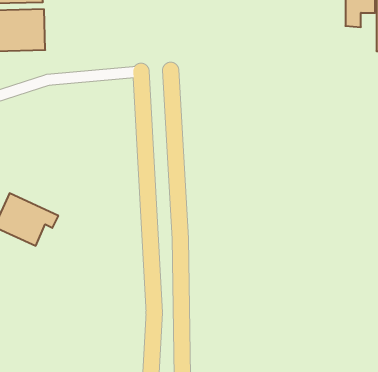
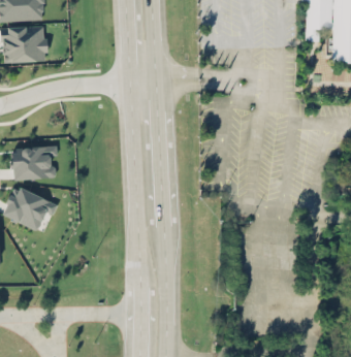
building: none -> [12,147,58,180]

